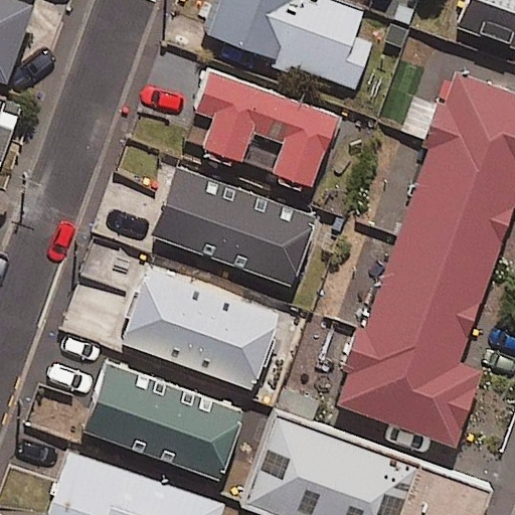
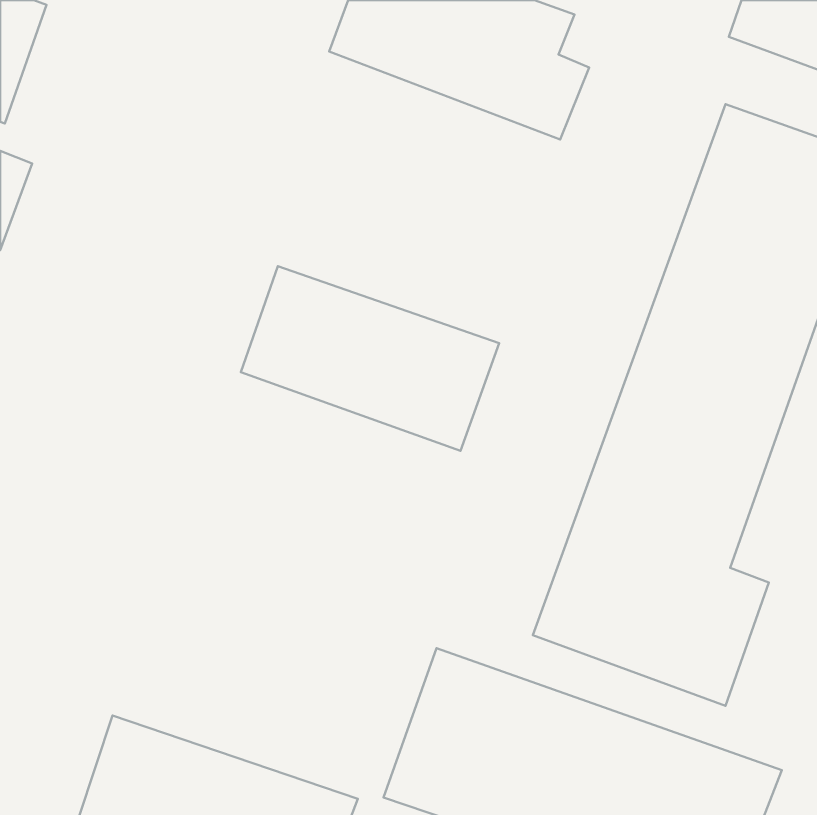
building: [184,71,334,186] -> none
building: [122,276,275,388] -> none
building: [83,370,240,479] -> none

